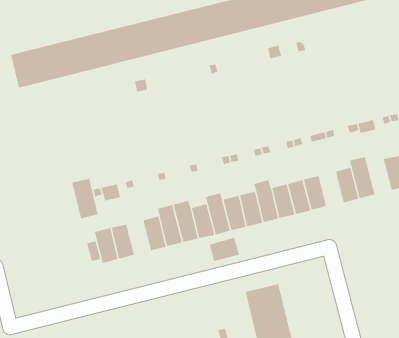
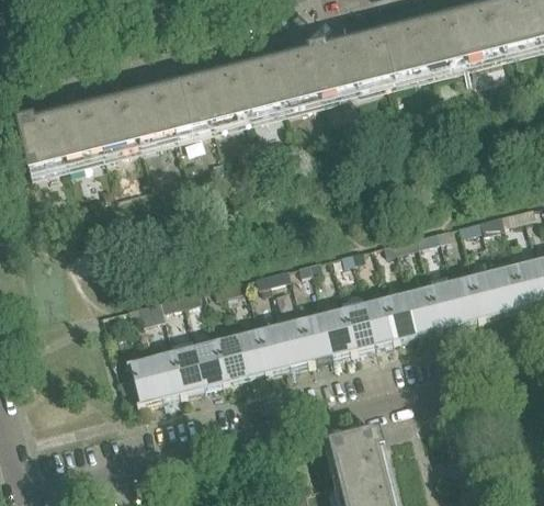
building: none -> [494,262,525,311]
building: none -> [430,279,462,326]
building: [72,178,99,219] -> none
building: none -> [174,344,206,391]
building: [209,237,240,262] -> none

